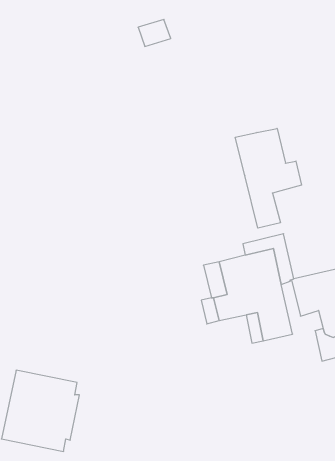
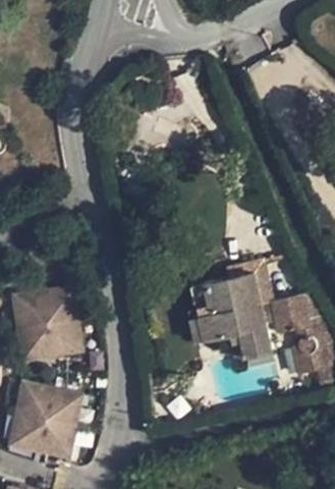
building: [235,128,301,228] -> none
building: none -> [12,289,79,361]

